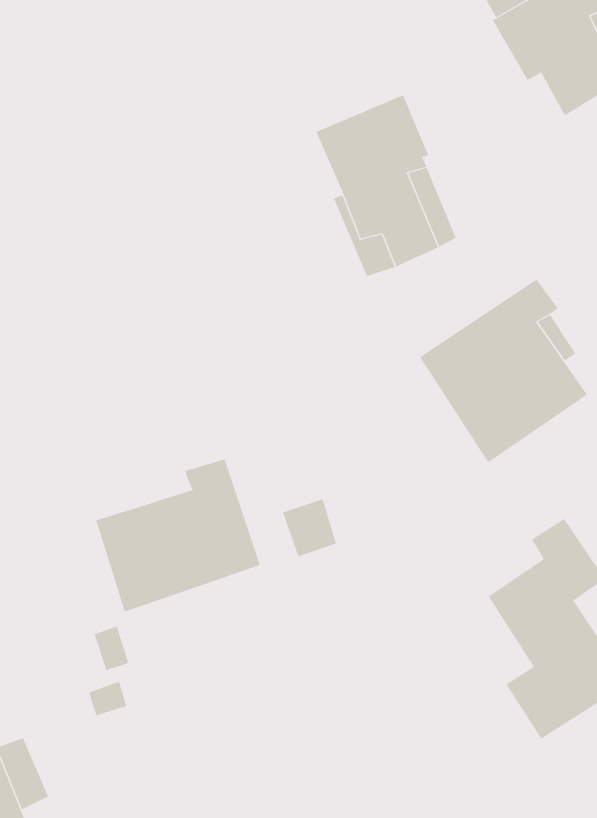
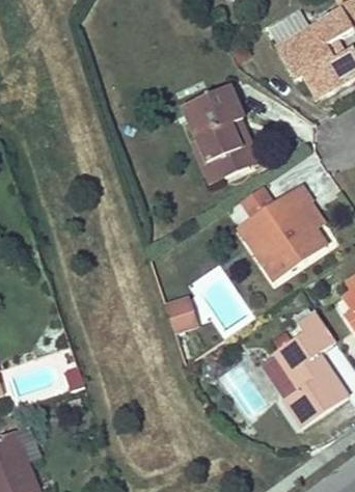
building: [96,459,260,612] -> none

